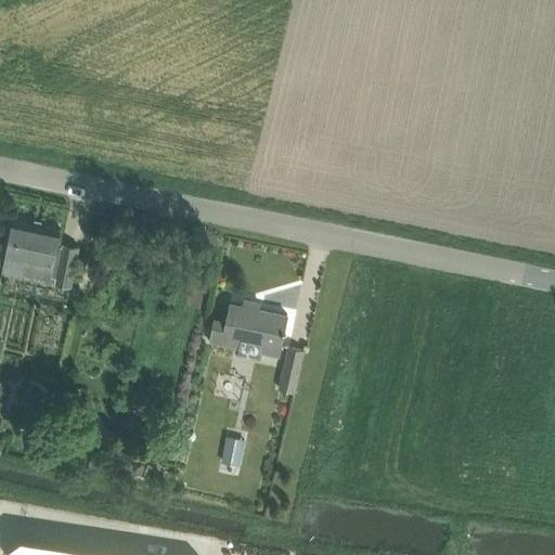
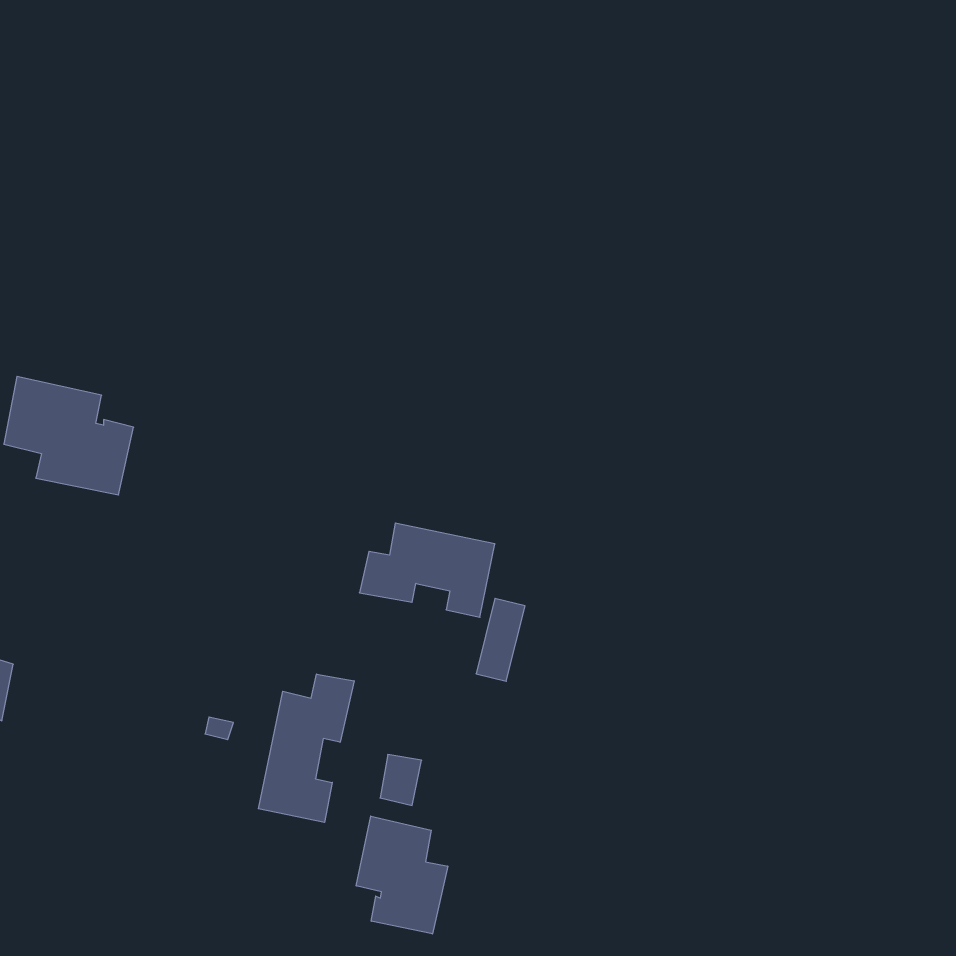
building: none -> [258,674,354,822]
building: none -> [356,816,448,934]

